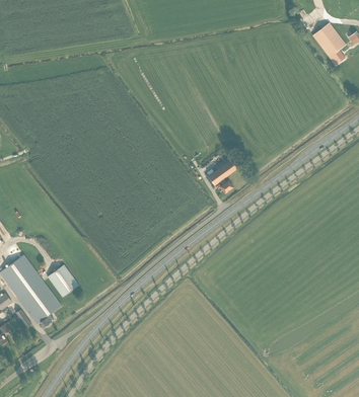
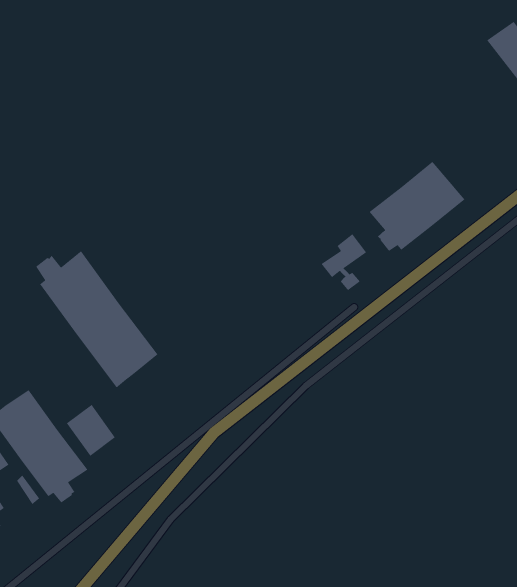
building: none -> [368,161,465,252]
building: none -> [35,250,158,388]

